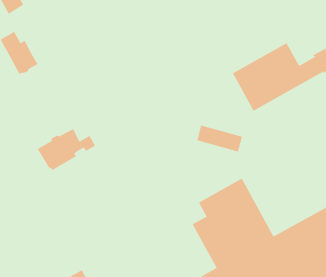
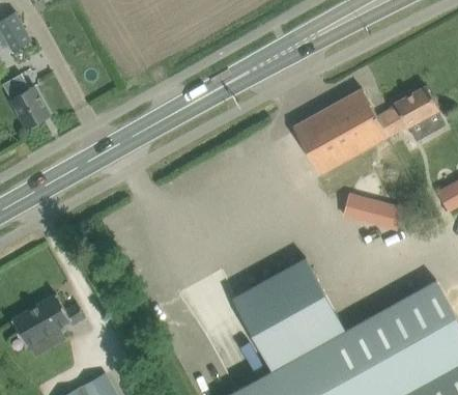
building: [196,125,243,152] -> [343,195,401,229]
building: [37,128,96,171] -> [11,295,85,348]

